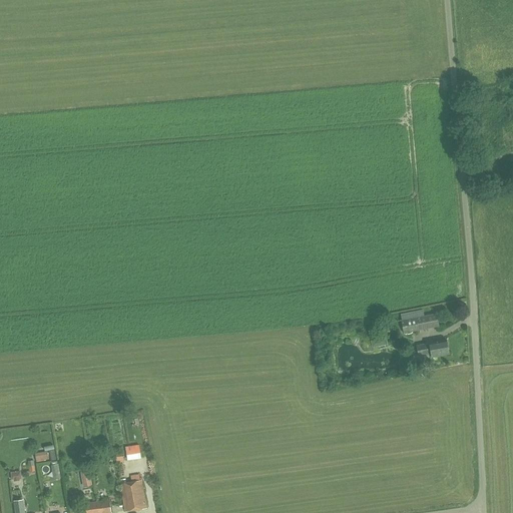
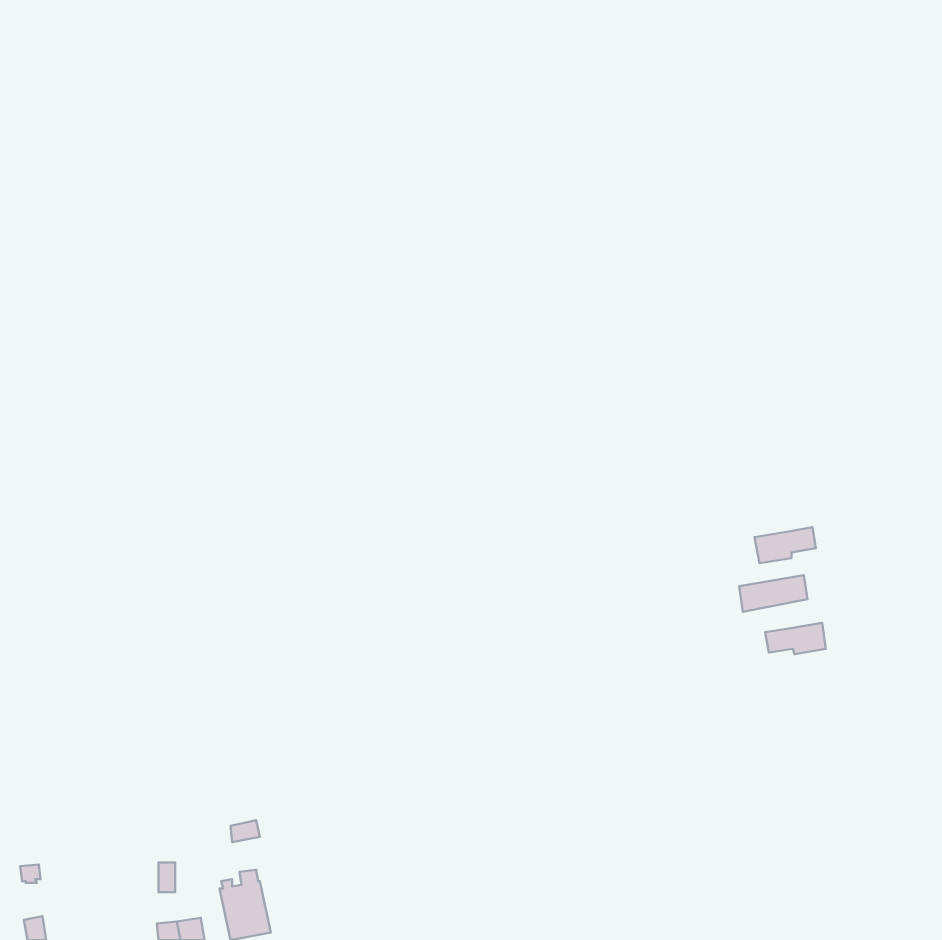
building: none -> [755,527,816,563]

